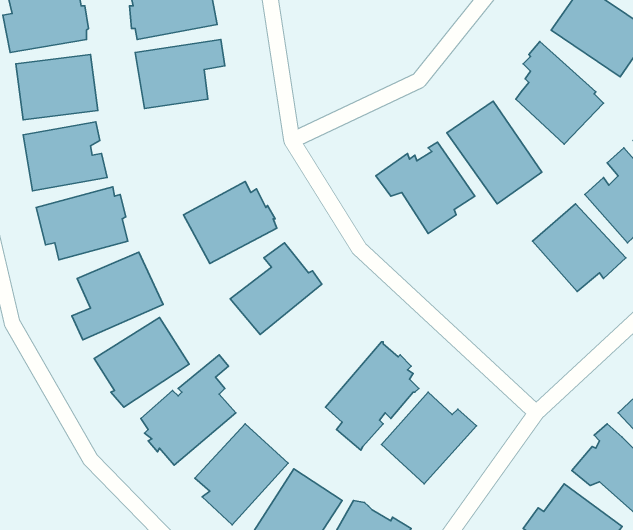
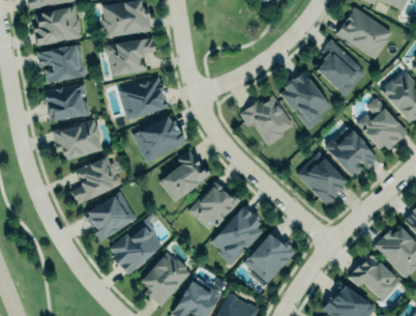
building: none -> [119,77,169,119]
building: none -> [297,151,347,206]
building: none -> [189,179,240,227]

